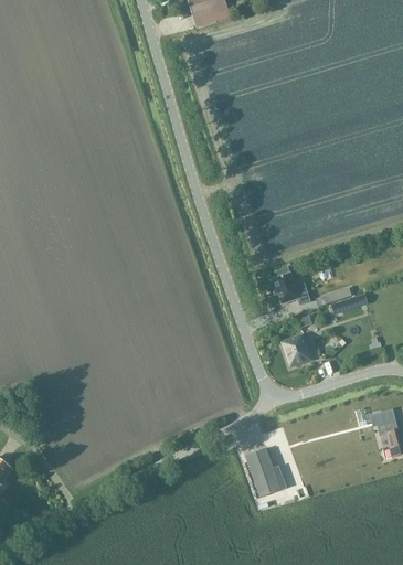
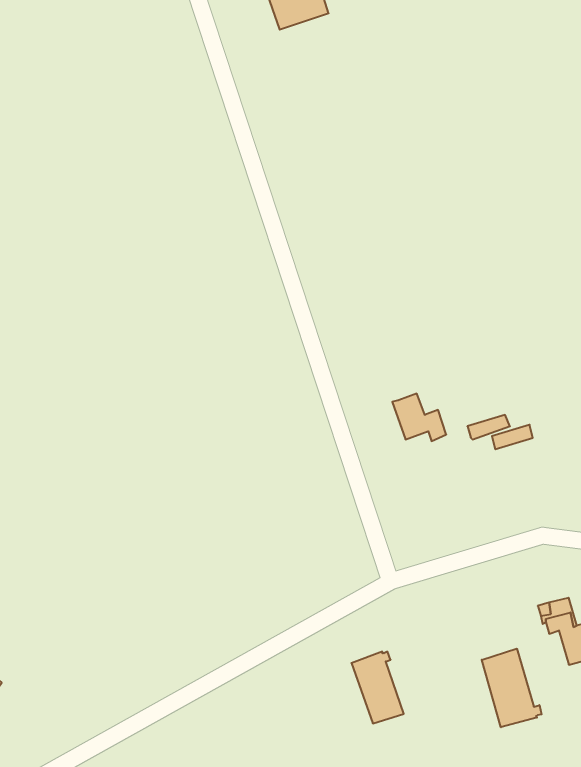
building: [279,333,311,367] -> none
building: none -> [482,649,542,727]

